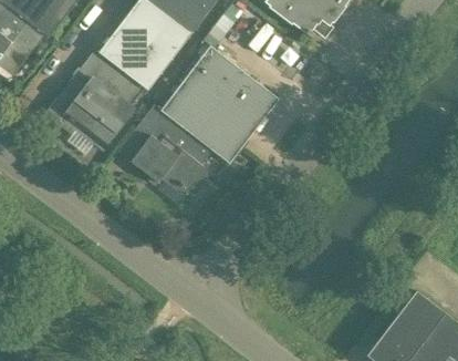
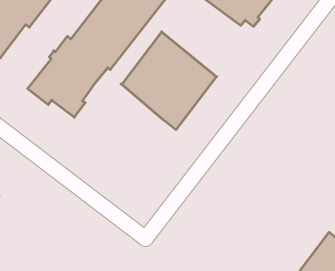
building: [131,102,211,196] -> none

